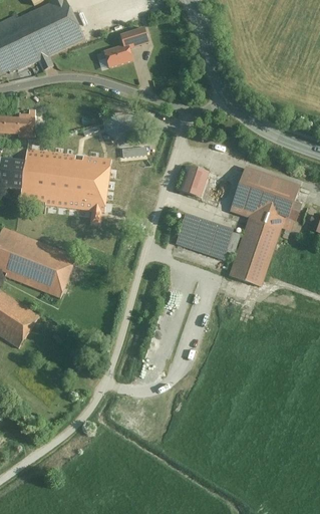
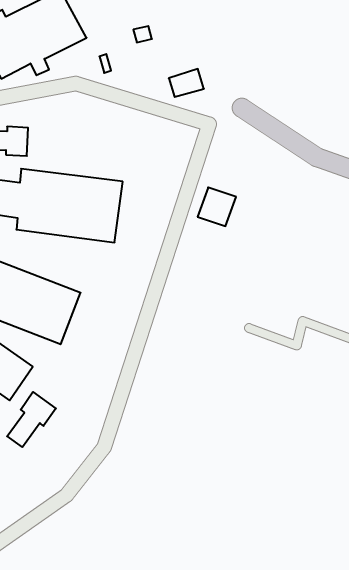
building: [103,42,133,66] -> [169,69,204,97]
building: [177,162,304,283] -> none
building: none -> [7,392,56,447]

